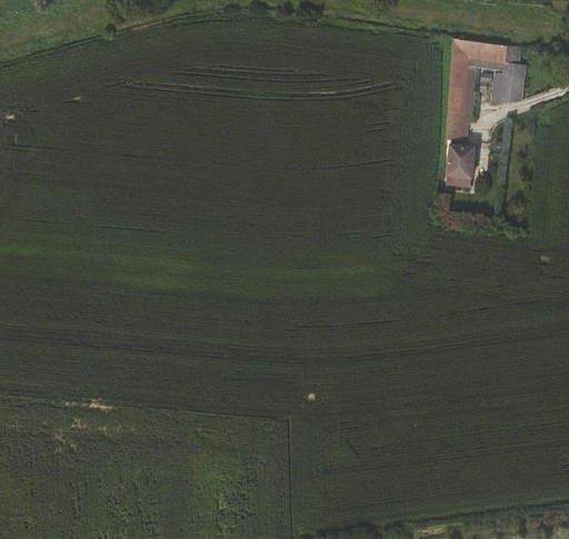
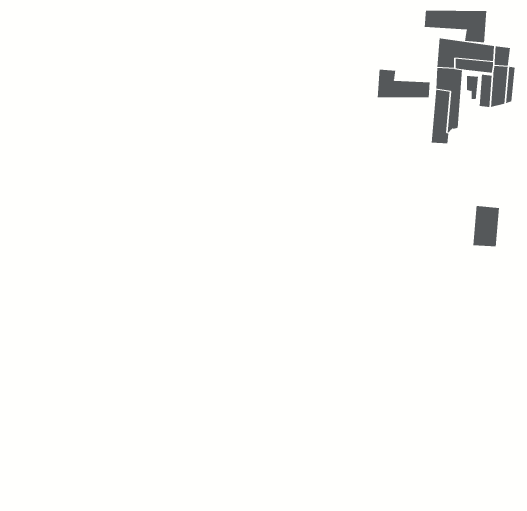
building: none -> [424,10,487,43]
building: none -> [377,69,430,98]
building: [447,143,473,183] -> [473,206,500,247]

